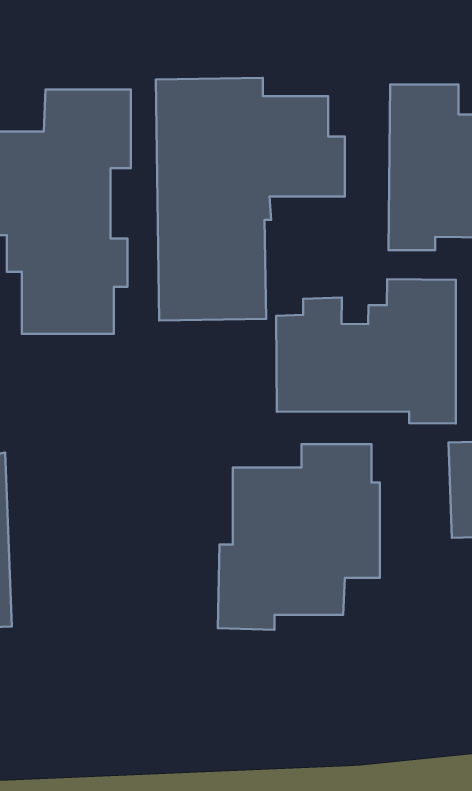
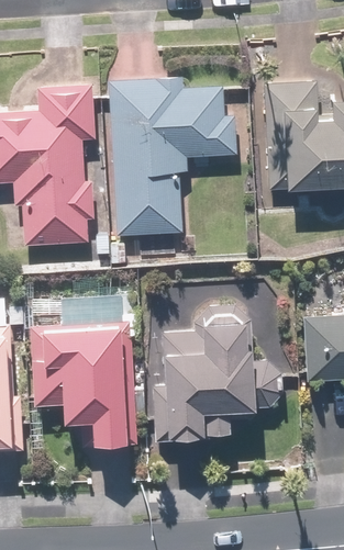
building: [276,279,456,424] -> none
building: none -> [33,324,132,446]

